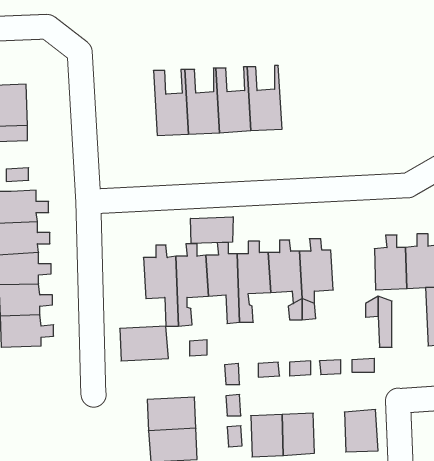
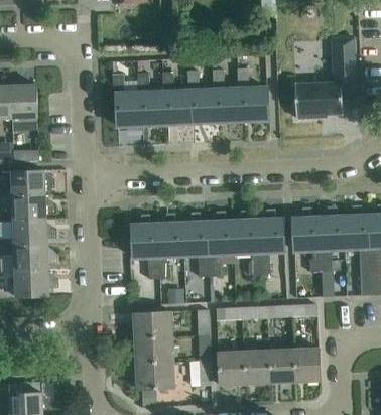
building: none -> [294,38,356,118]
building: none -> [240,68,268,120]
building: none -> [112,73,142,126]
building: [191,217,233,243] -> none
building: none -> [292,206,319,251]
building: [120,326,168,361] -> [133,310,172,338]
building: none -> [268,349,294,382]

